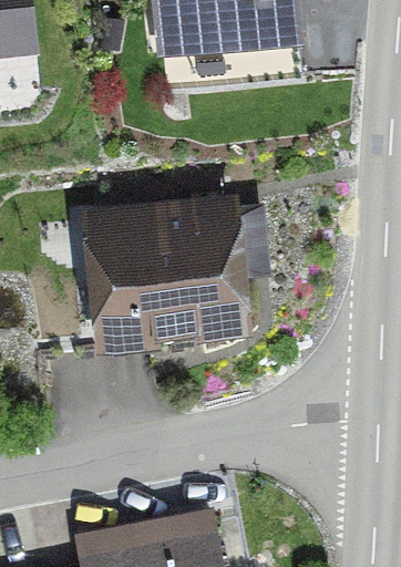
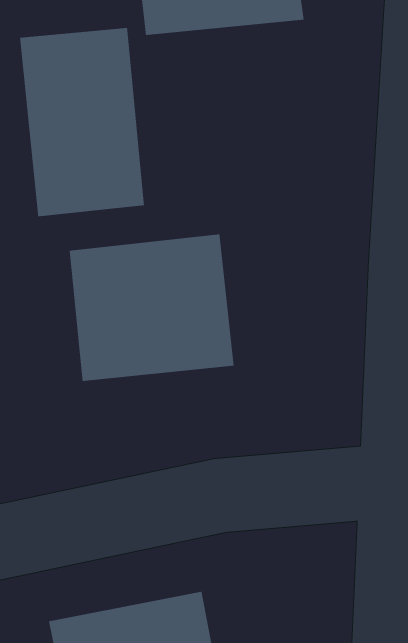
building: none -> [19,27,144,217]

